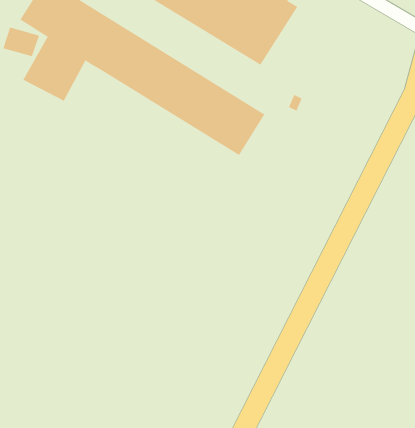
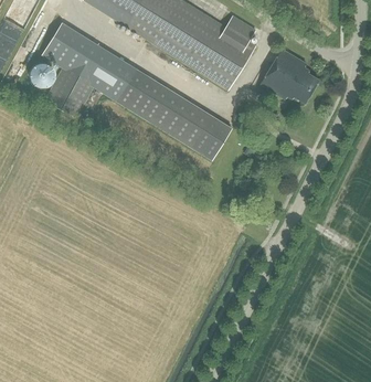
building: none -> [259,46,318,102]

